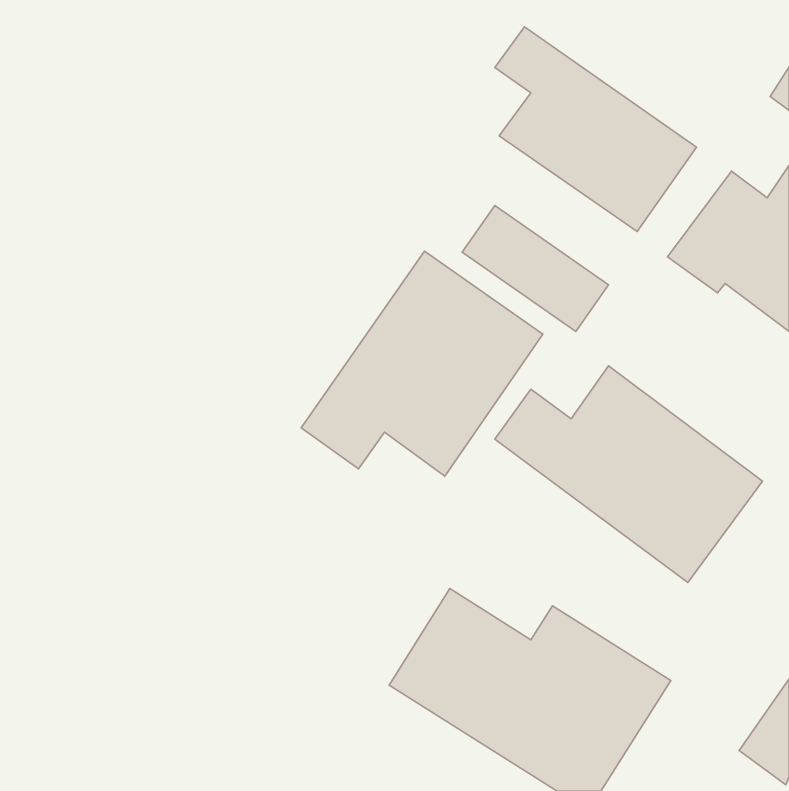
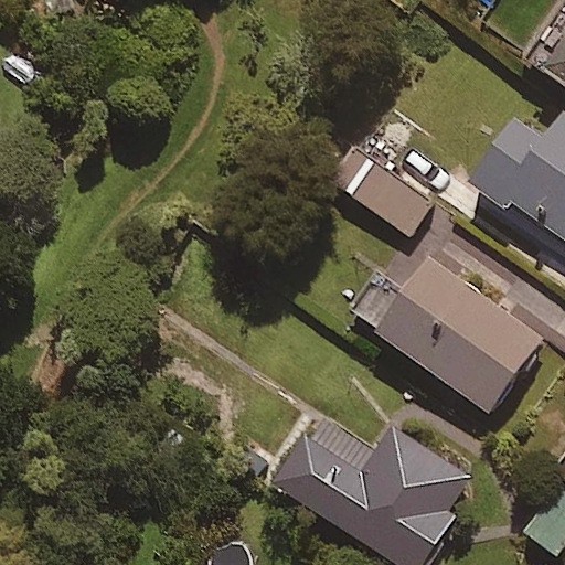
building: [495,27,696,232] -> none
building: [301,251,543,476] -> none

